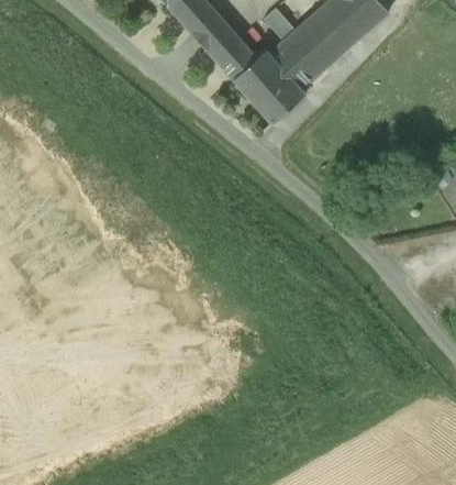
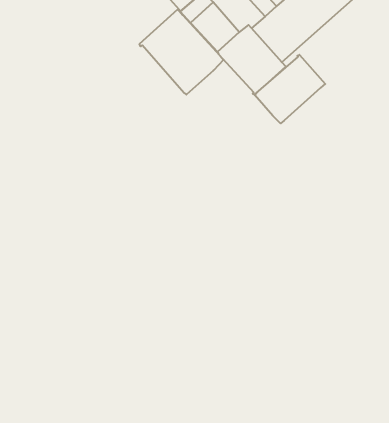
building: none -> [140,9,223,95]
building: none -> [255,55,325,123]

